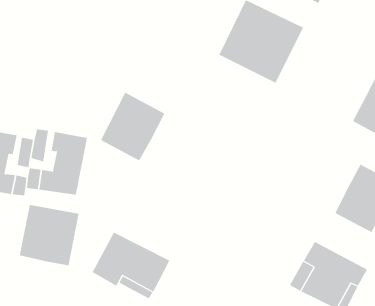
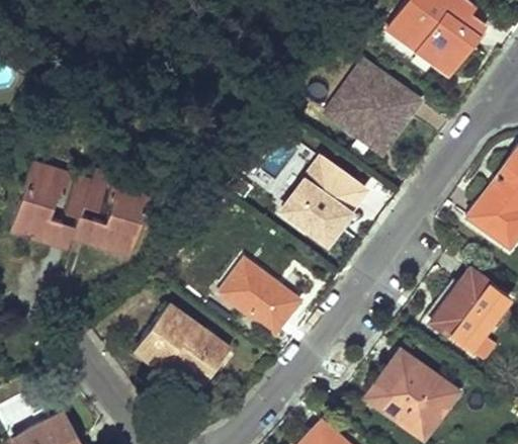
building: [100,92,165,161] -> [282,158,363,242]
building: none -> [220,260,298,332]
building: [19,204,79,266] -> none

